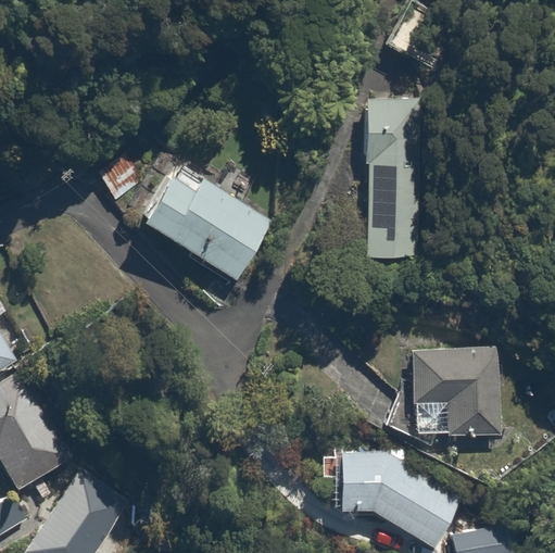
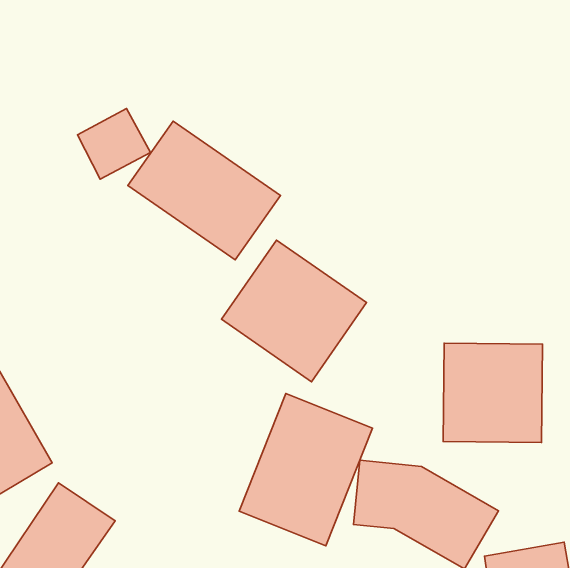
building: [363,97,426,257] -> none
building: none -> [222,240,367,382]
building: none -> [239,394,373,546]

